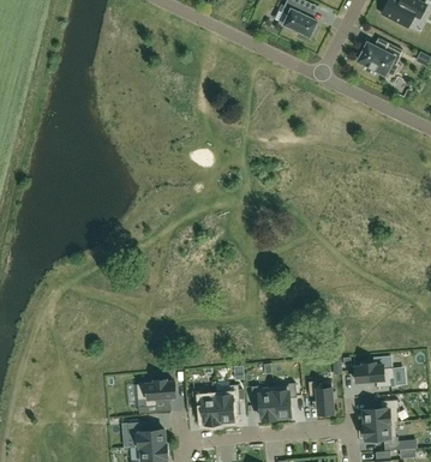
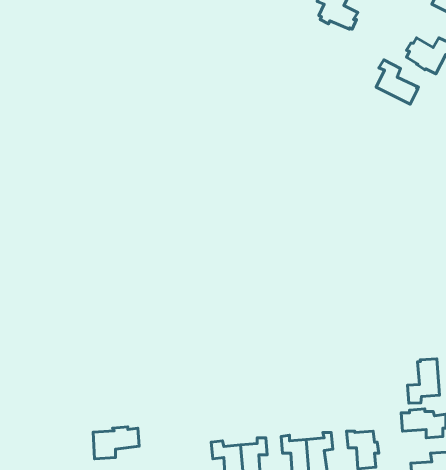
building: none -> [376,60,418,104]
building: none -> [407,359,440,403]
building: [136,379,175,407] -> [93,427,139,459]

